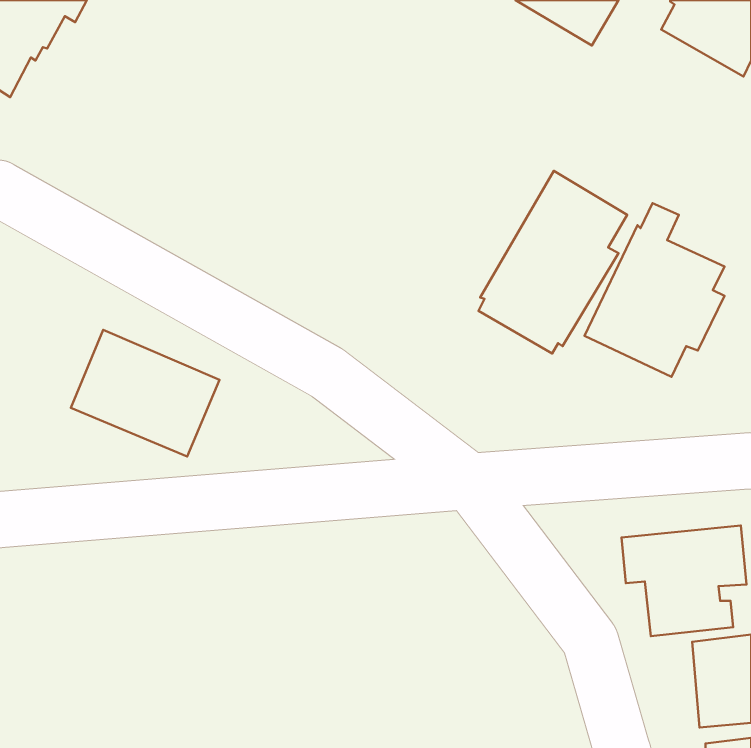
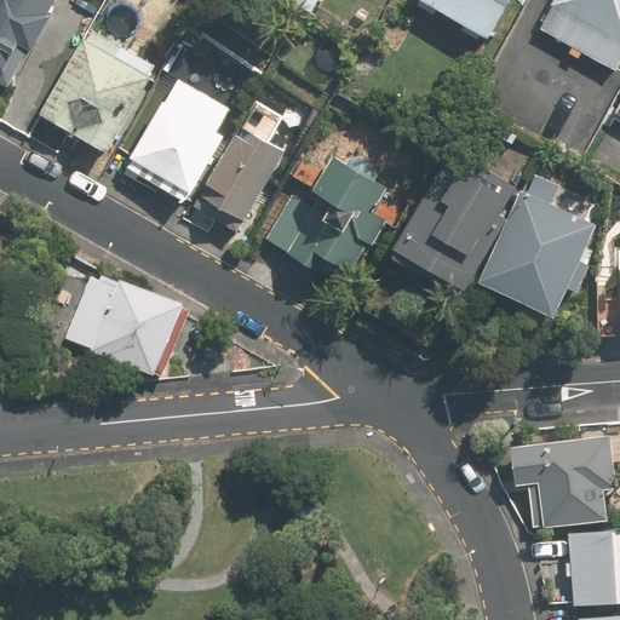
building: none -> [42,39,155,151]
building: none -> [125,78,232,201]
building: none -> [193,102,282,231]
building: none -> [263,161,380,288]

